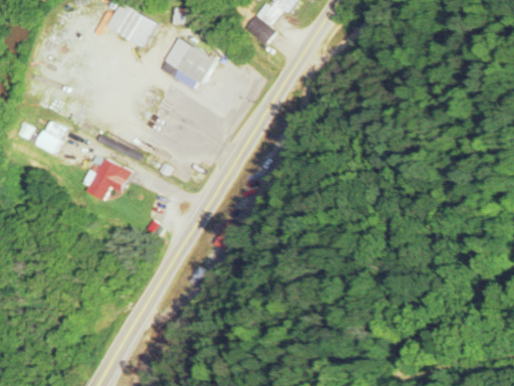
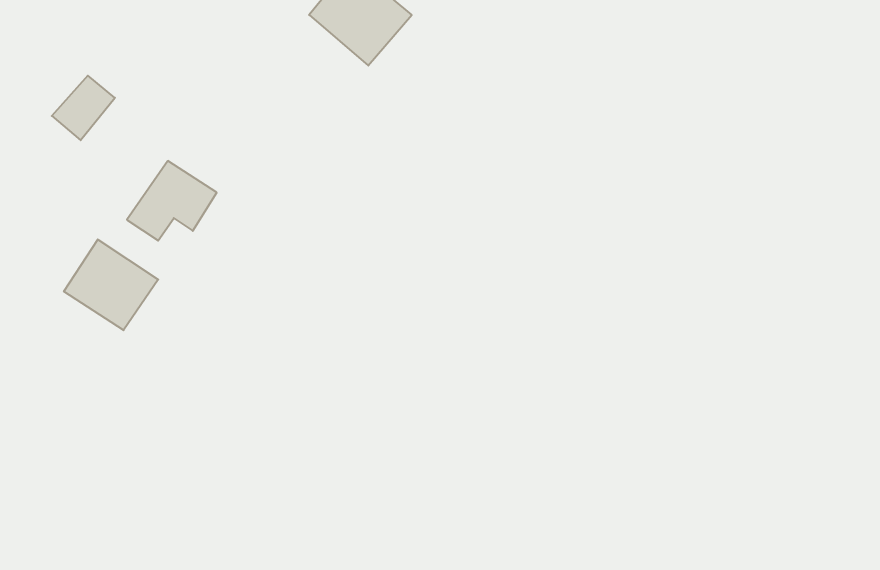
building: none -> [64,239,158,330]

